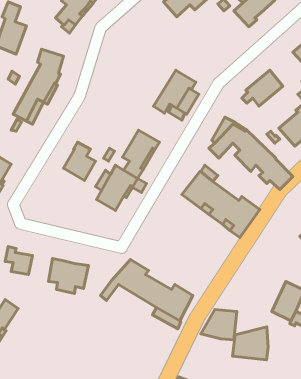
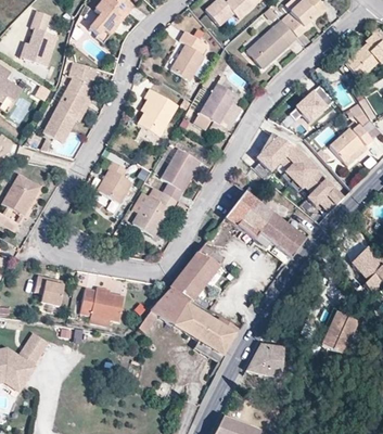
building: none -> [246,20,297,68]
building: none -> [170,31,207,80]
building: none -> [137,89,178,137]
building: none -> [168,245,222,301]
building: [232,327,268,360] -> none

